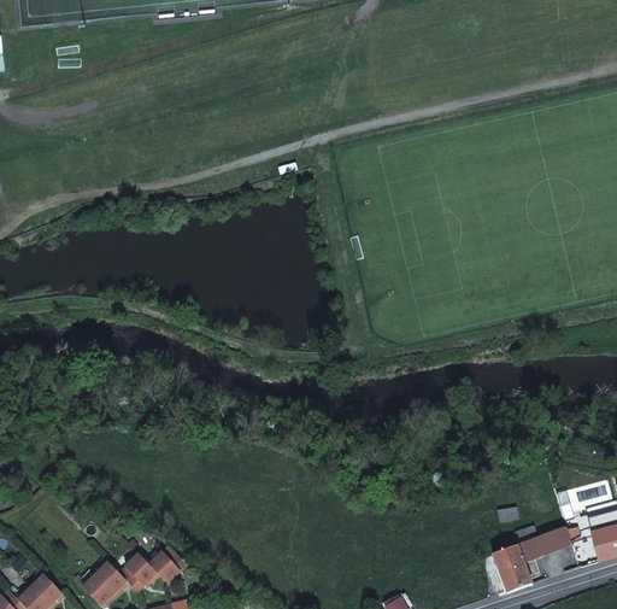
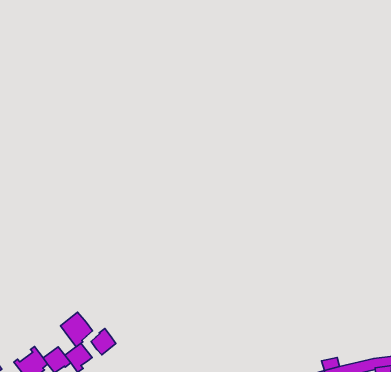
building: none -> [61,312,92,347]
building: none -> [91,329,116,355]

